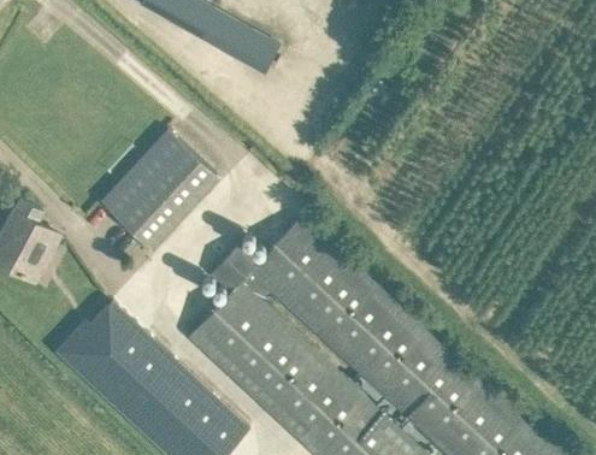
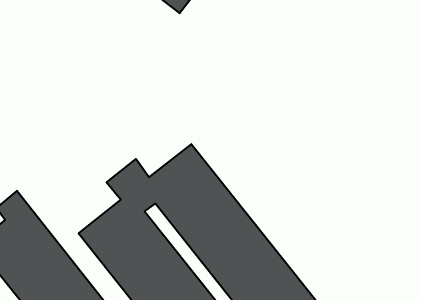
building: [100,129,217,247] -> none

